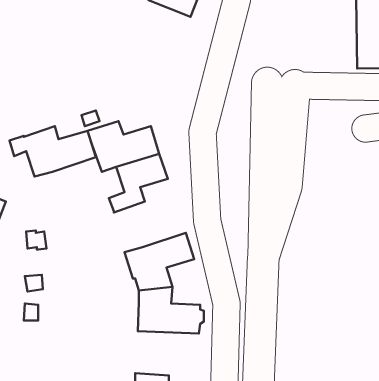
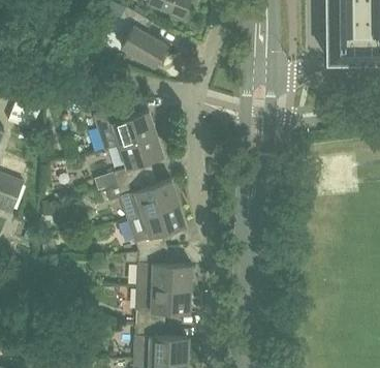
building: none -> [120,9,166,68]
building: [9,126,96,176] -> [104,178,179,221]
building: none -> [135,289,190,328]

